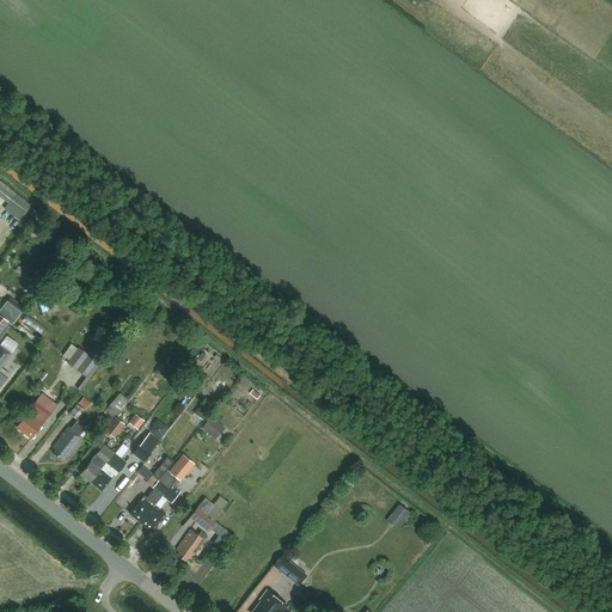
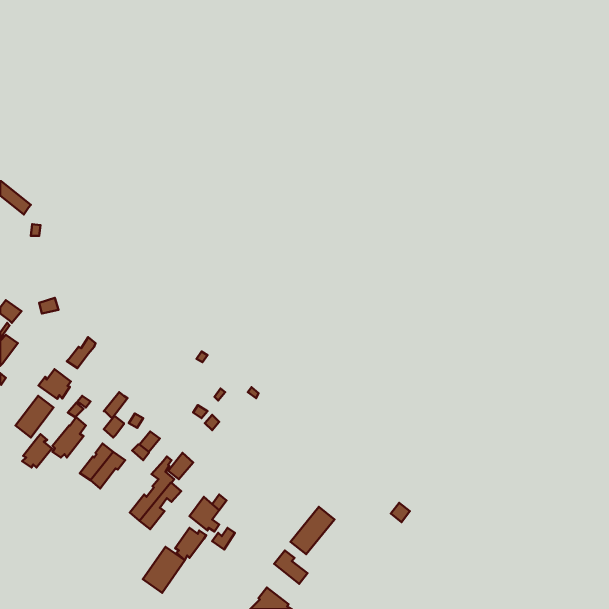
building: none -> [38,369,71,399]
building: none -> [22,434,52,467]
building: none -> [291,507,334,554]
building: none -> [143,547,185,593]

